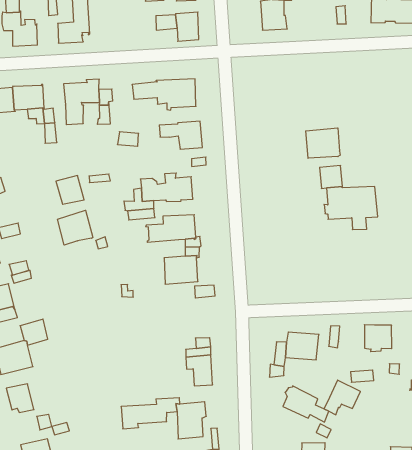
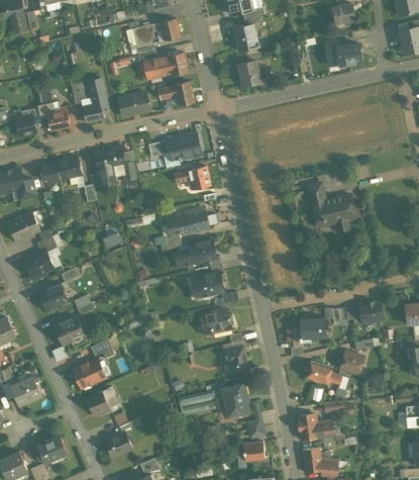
building: none -> [118,93,148,116]
building: [306,128,340,158] -> none
building: [58,210,93,245] -> none
building: none -> [199,310,231,335]

